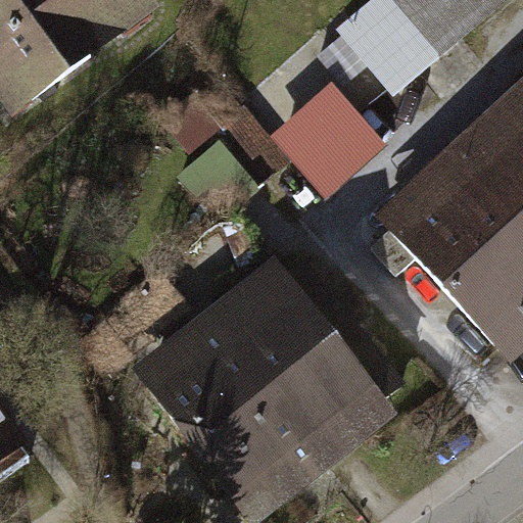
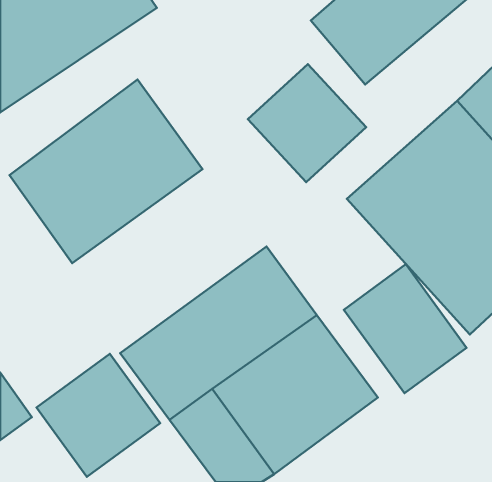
building: none -> [10,80,203,263]
building: none -> [344,264,467,393]
building: none -> [36,354,160,477]

